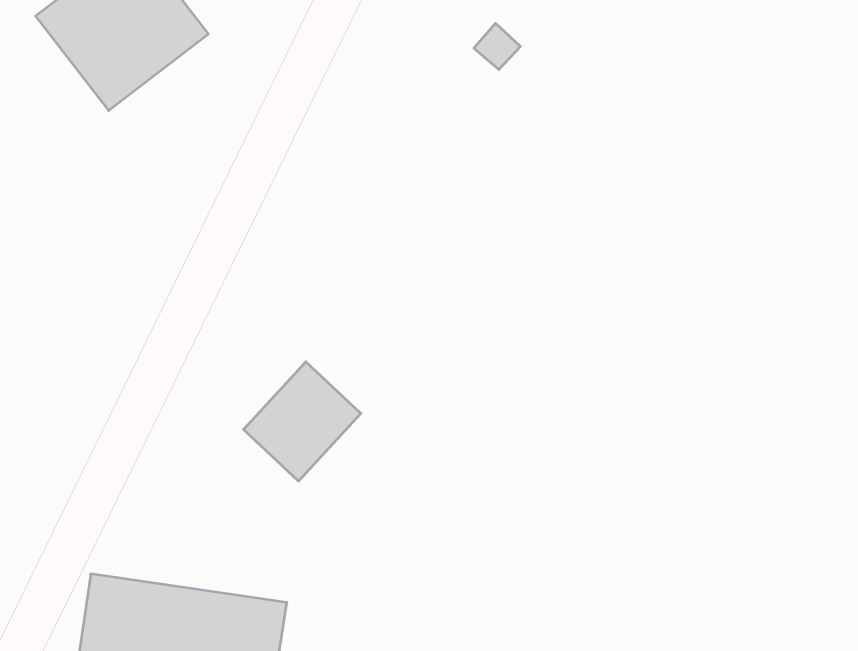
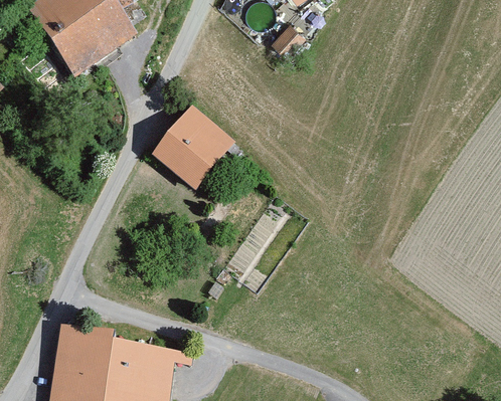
building: [243,362,361,481] -> [162,120,228,187]

